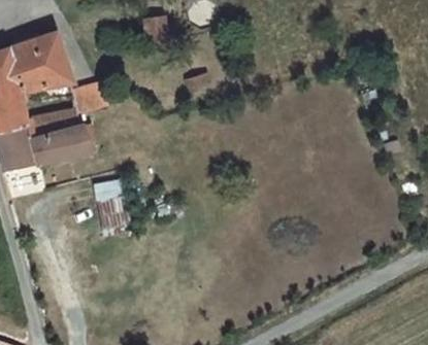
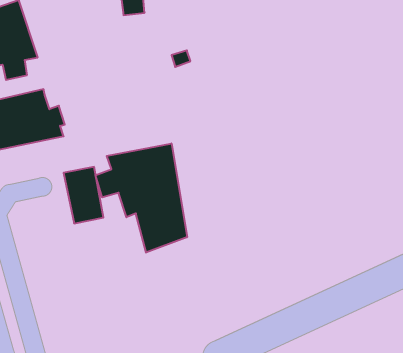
building: [60,81,107,114] -> none
building: none -> [96,143,187,253]

